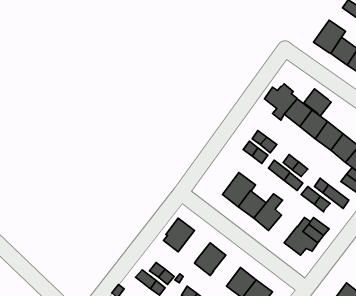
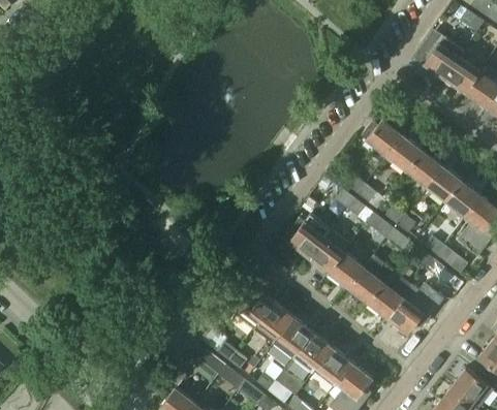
building: [304,89,331,116] -> none
building: none -> [288,213,330,256]
building: none -> [367,277,412,317]
building: none -> [253,302,293,338]
building: none -> [293,333,332,374]

